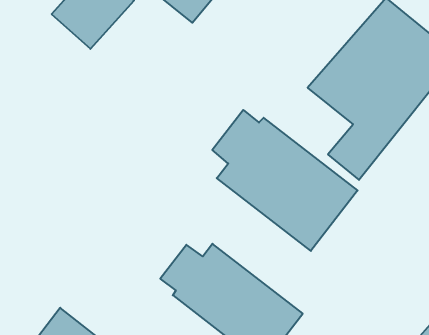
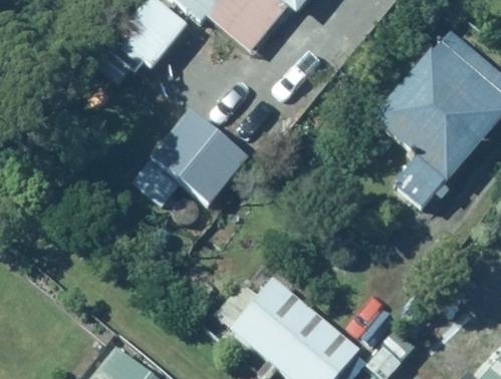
building: none -> [129,107,253,208]
building: [212,110,358,251] -> none

